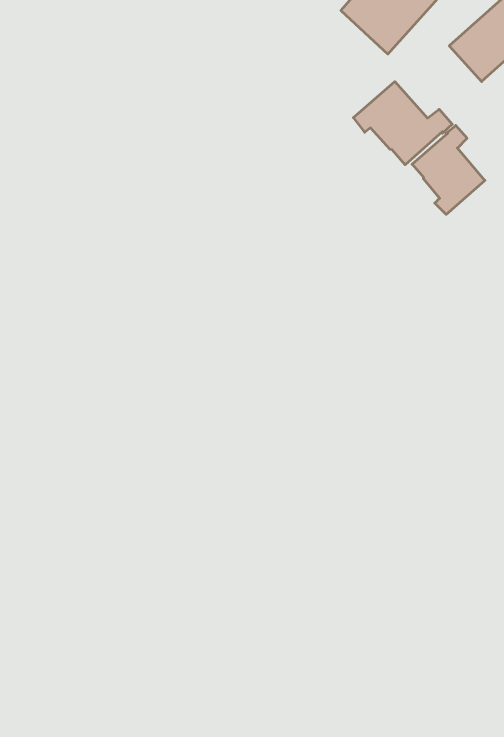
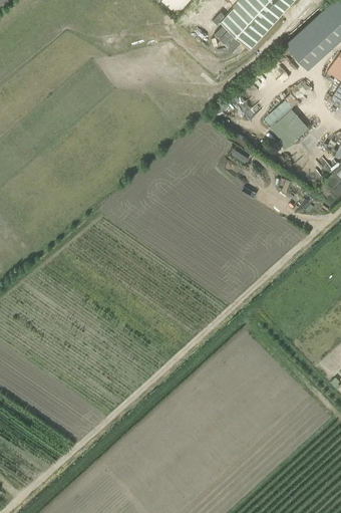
building: [353,82,452,165] -> none

